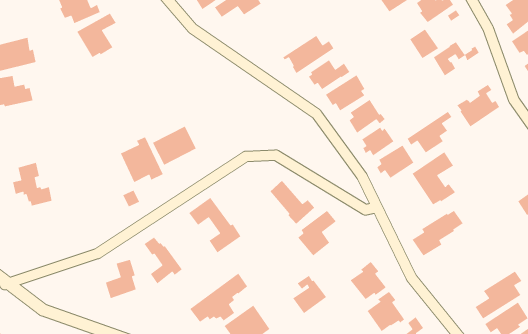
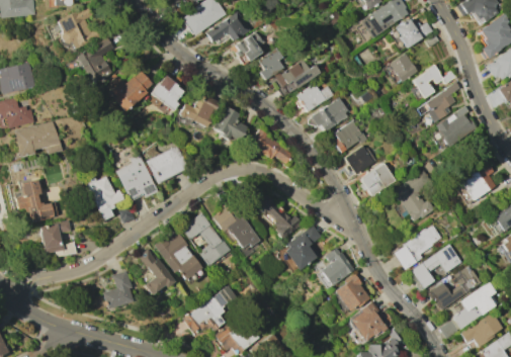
building: none -> [236,31,264,61]
building: none -> [259,48,284,79]
building: none -> [106,70,153,111]
building: none -> [152,76,183,109]
building: none -> [180,93,221,127]
building: none -> [212,105,248,141]
building: none -> [13,120,63,157]
building: none -> [251,128,292,163]
building: [406,111,452,153] -> [417,82,460,122]
building: none -> [463,161,496,200]
building: none -> [86,175,123,219]
building: none -> [214,199,260,248]
building: none -> [39,219,76,256]
building: none -> [154,234,204,284]
building: none -> [410,244,462,288]
building: none -> [431,264,482,308]
building: [292,275,327,314] -> [321,248,354,285]

